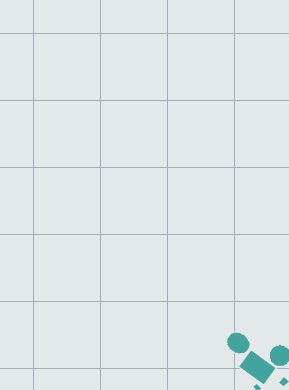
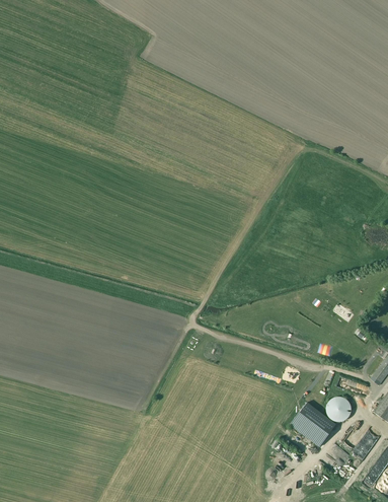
building: [226,332,250,355] -> none

